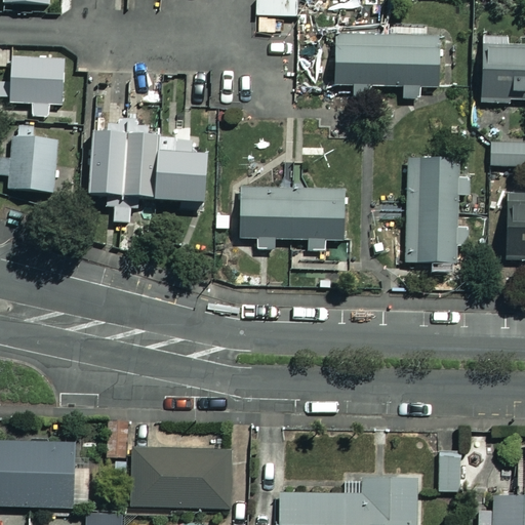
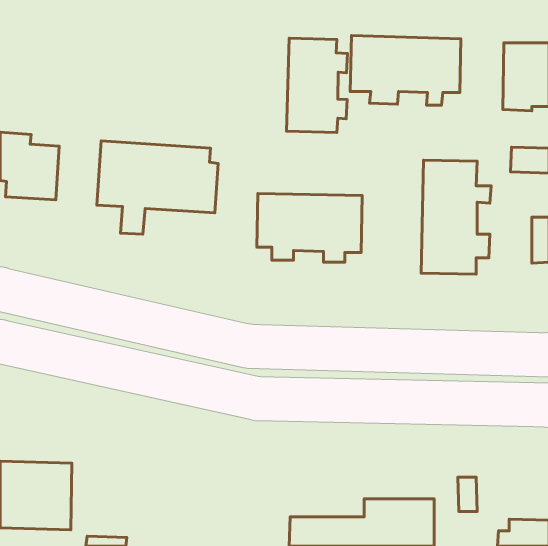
building: none -> [287,38,348,133]
building: [14,55,69,117] -> none
building: [125,447,231,507] -> none

